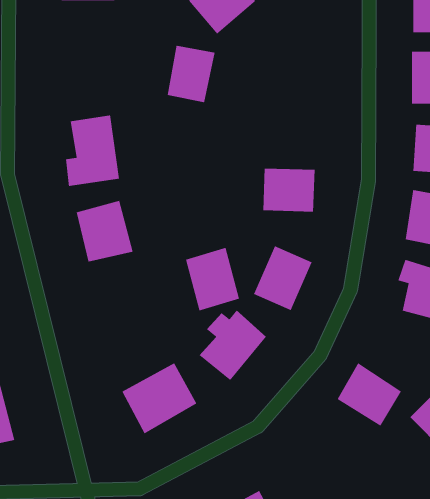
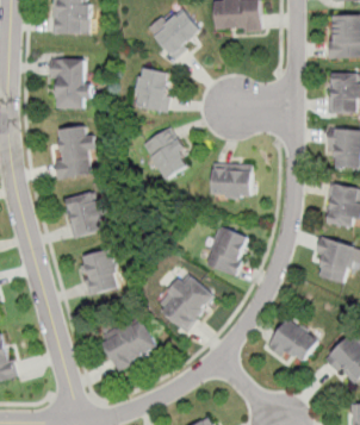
building: none -> [49,57,88,108]
building: none -> [139,127,192,183]
building: [185,247,240,311] -> [76,245,119,295]

